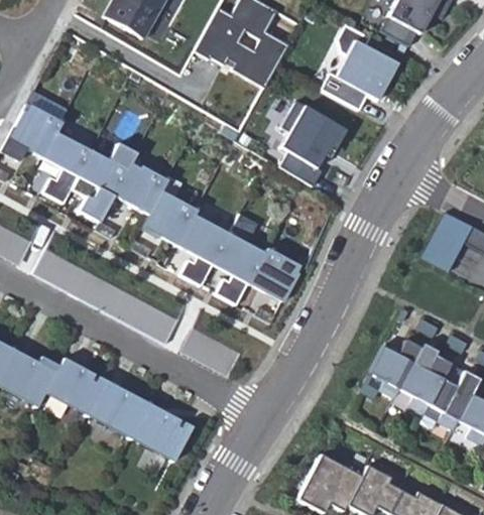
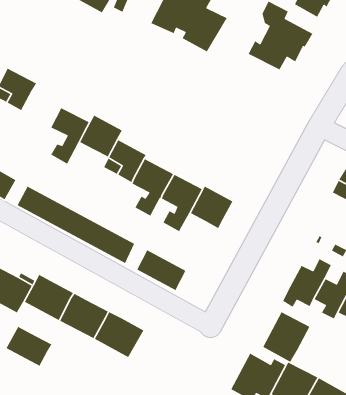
building: [280,101,348,185] -> none
building: [43,134,92,205] -> none
building: none -> [262,311,310,363]
building: none -> [5,326,52,367]

